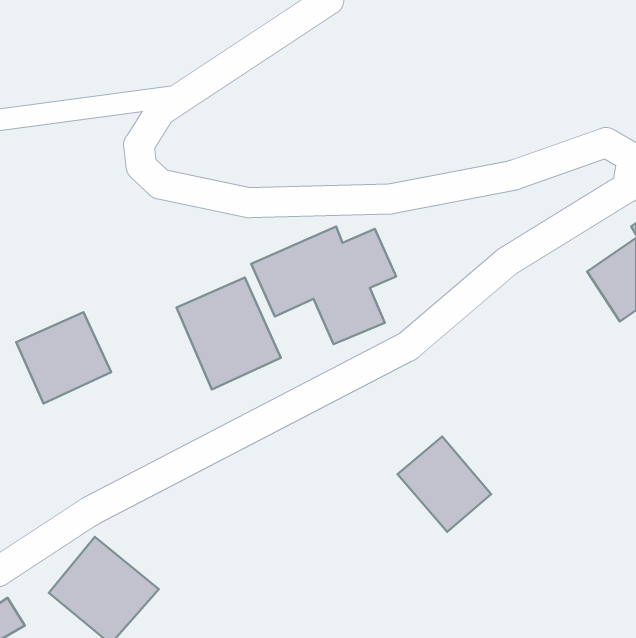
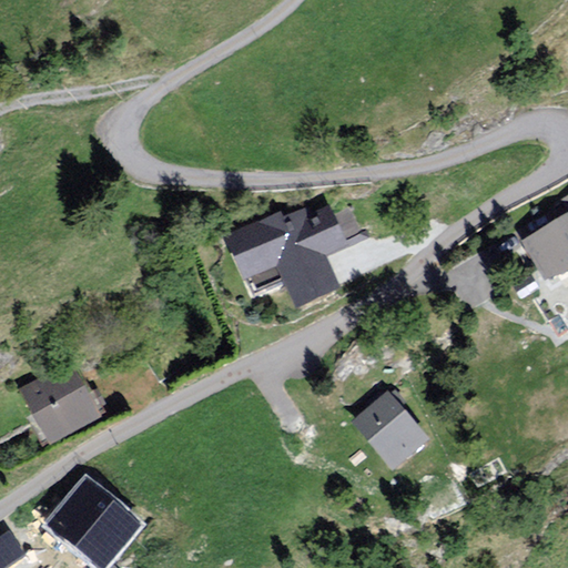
building: [176,277,281,389] -> none
building: [16,312,111,403] -> [16,365,100,446]

